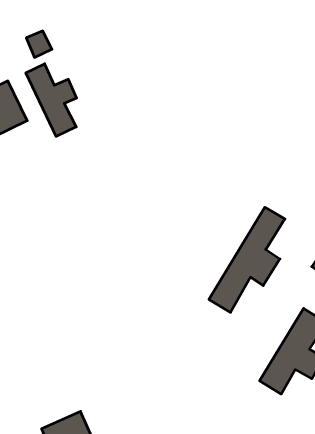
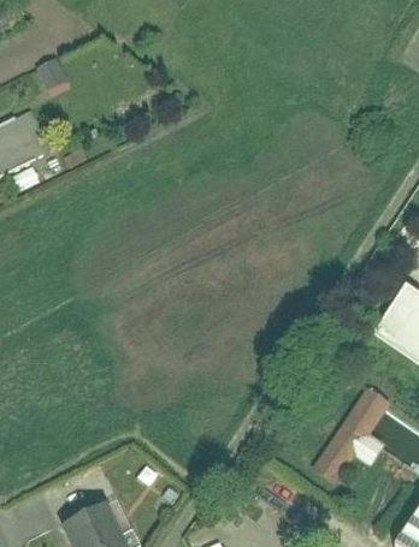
building: [26,64,77,136] -> none
building: [209,207,285,312] -> none

